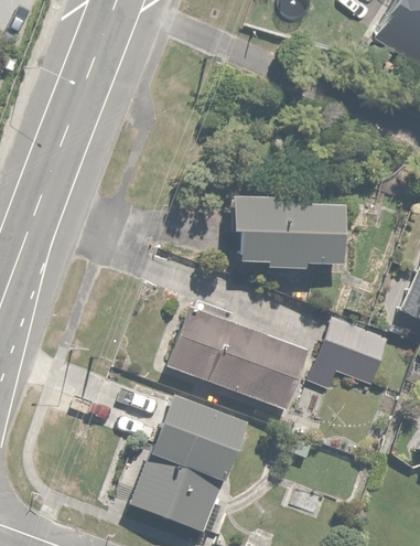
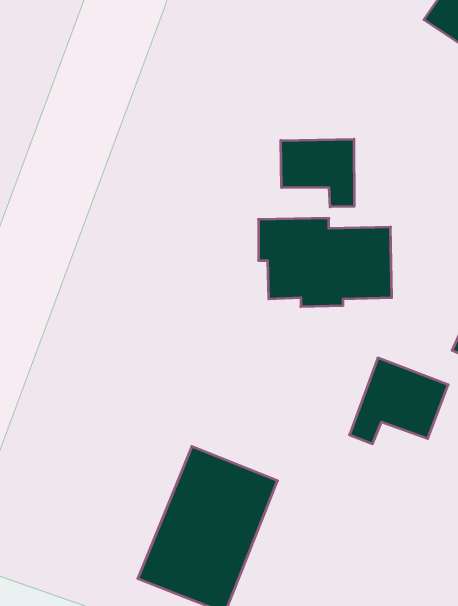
building: none -> [281,139,354,207]
building: [169,306,313,409] -> none

